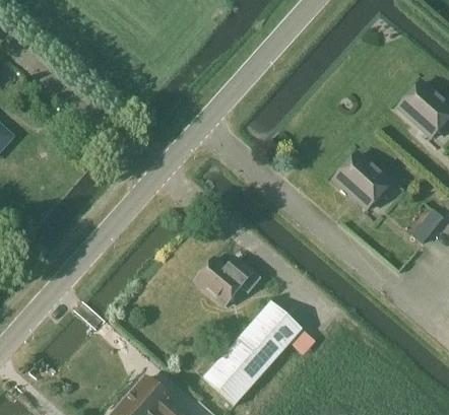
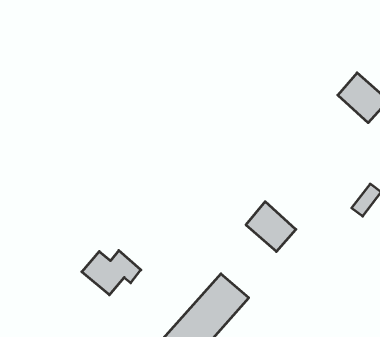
building: [334,153,389,208] -> [246,202,296,252]
building: [196,256,261,304] -> [82,250,141,295]

